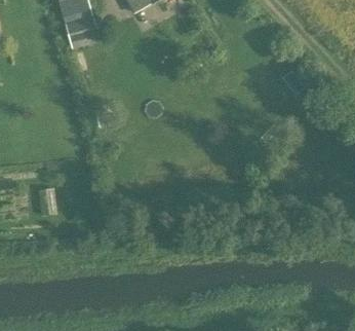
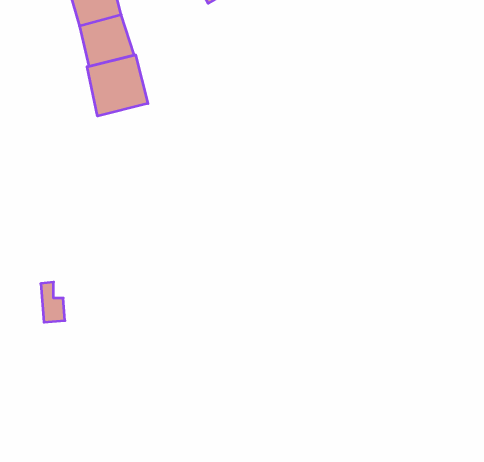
building: none -> [87,55,148,116]

